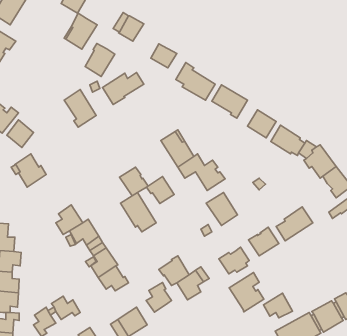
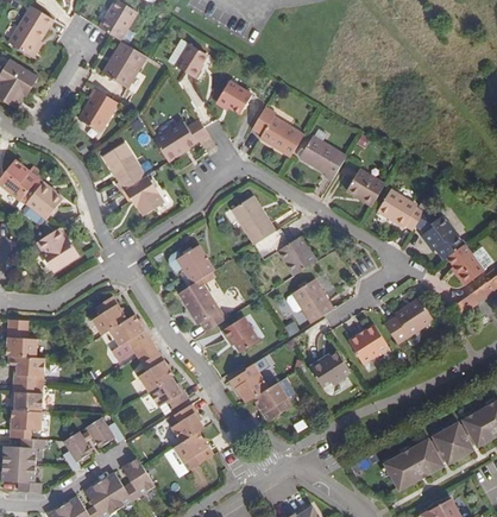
building: [85,43,115,77] -> [78,88,118,132]
building: none -> [124,175,163,215]
building: [146,177,174,203] -> [221,316,258,352]
building: [229,273,264,312] -> none
building: [146,283,171,312] -> [170,403,203,442]
building: [263,293,292,318] -> none

